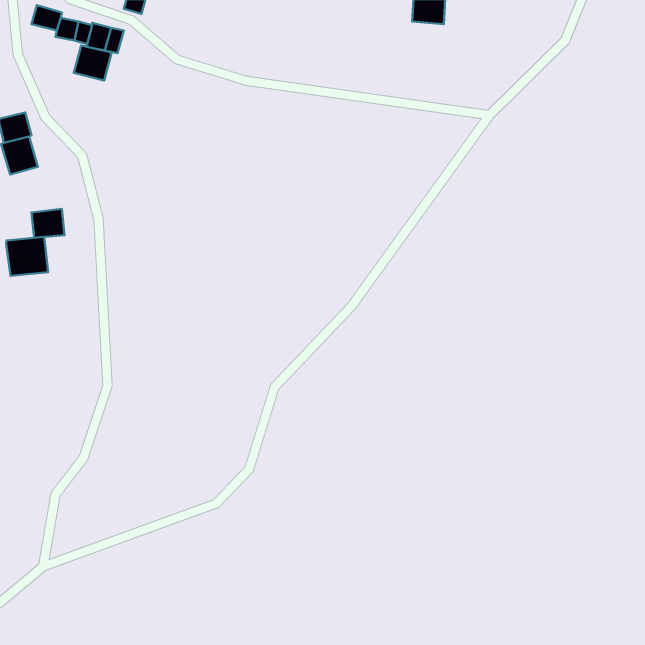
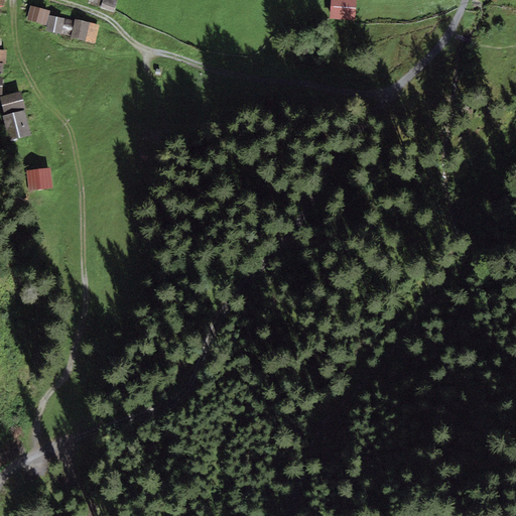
building: [74,45,112,81] -> none
building: [6,237,48,276] -> none

